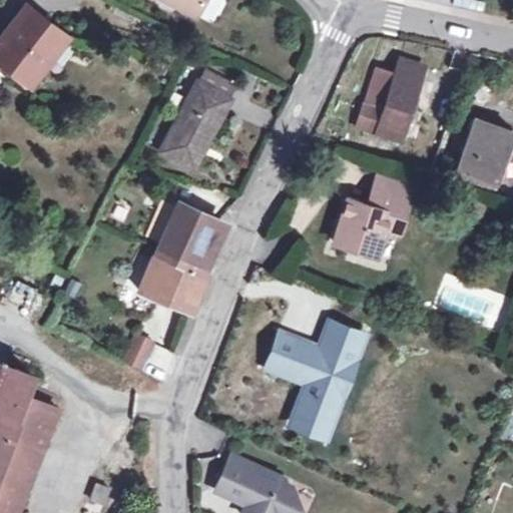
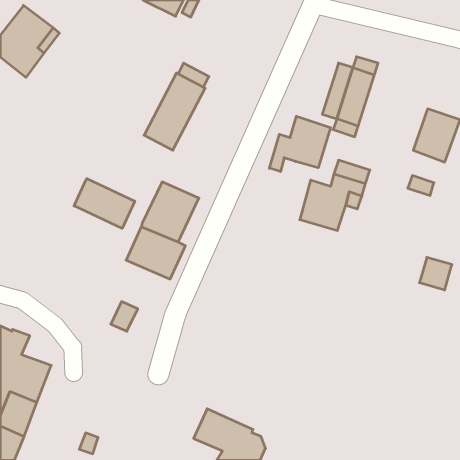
building: none -> [269,116,331,172]
building: none -> [74,179,135,228]
building: [268,324,367,441] -> none

